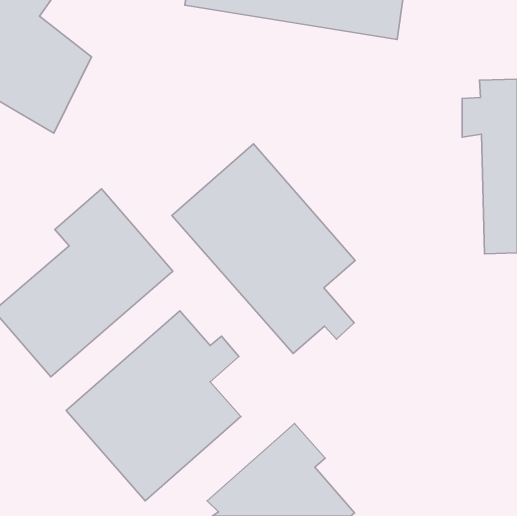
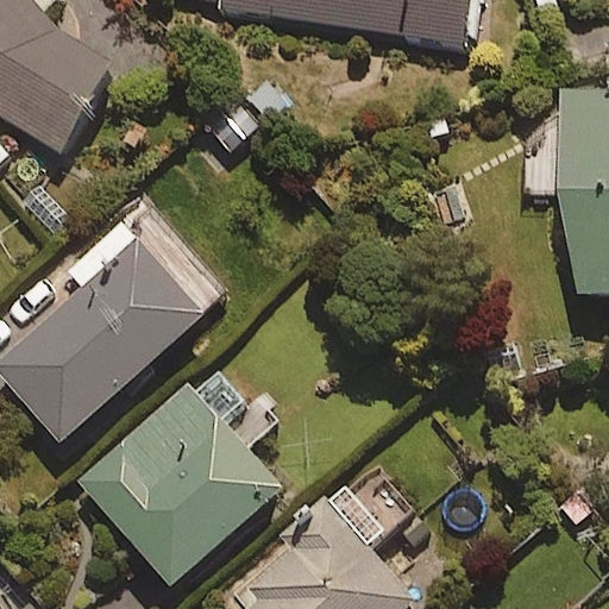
building: [172,144,355,354] -> none

